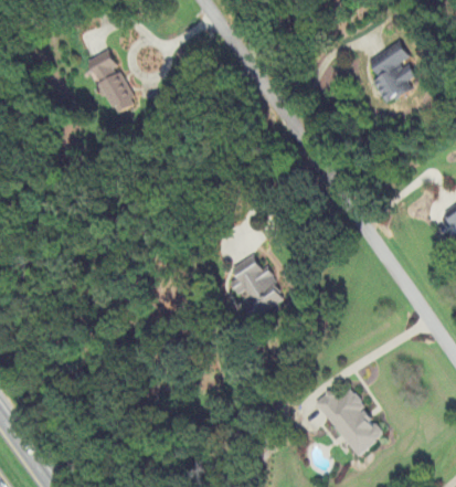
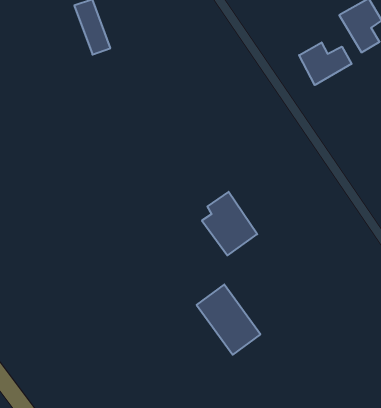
building: none -> [299,42,352,85]
building: [316,381,382,454] -> [197,284,260,355]

